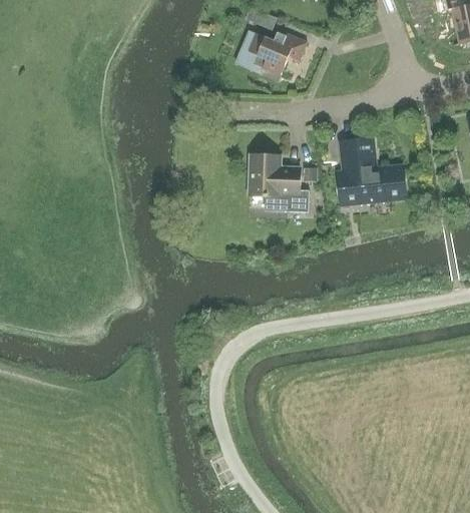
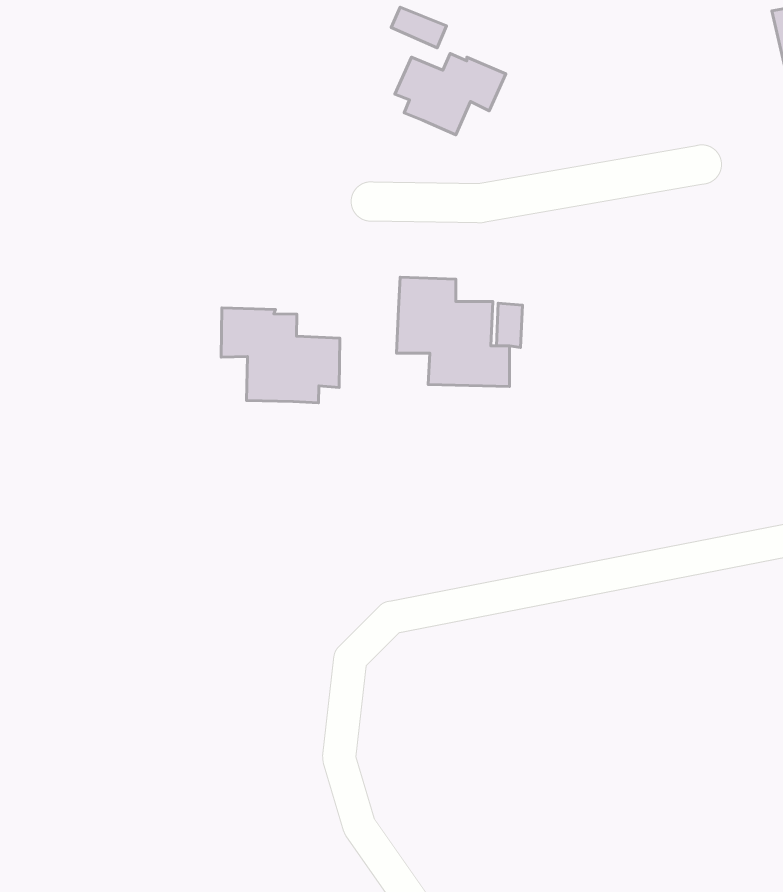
building: [341,141,404,204] -> none
building: none -> [221,308,340,403]

